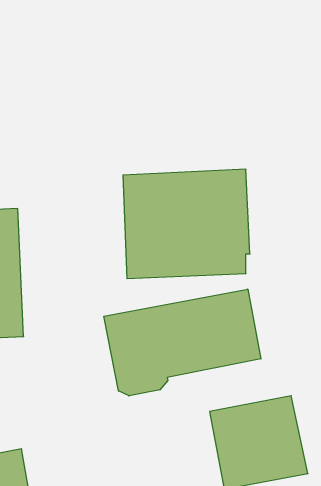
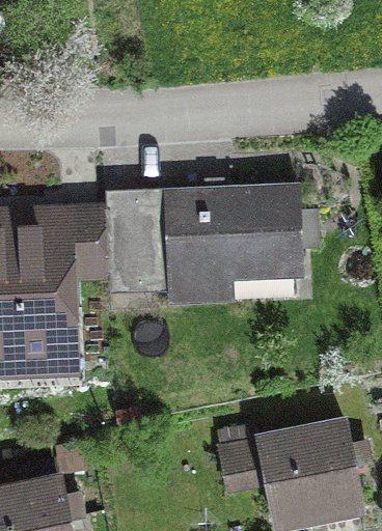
building: none -> [62,208,147,274]
building: [104,289,261,396] -> none

